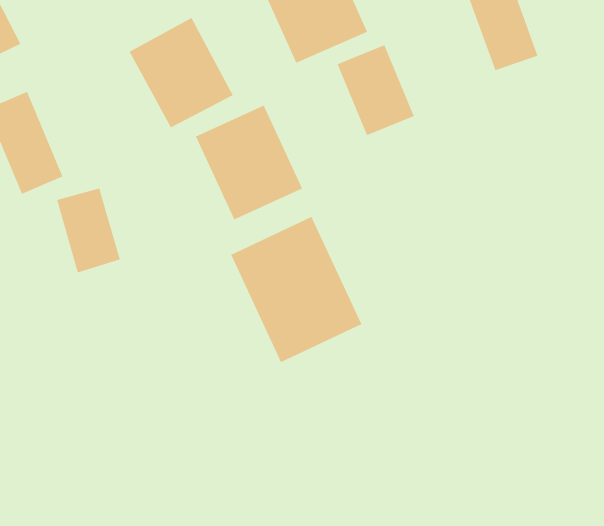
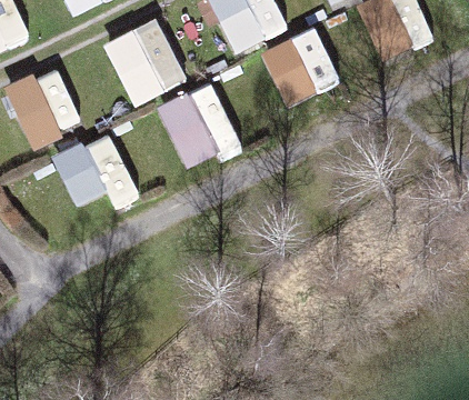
building: [230,216,362,363] -> none

